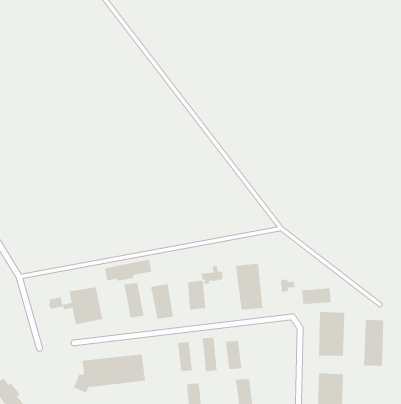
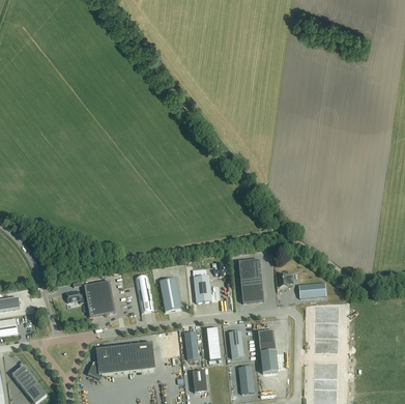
building: [104,259,152,282] -> none
building: [363,319,384,366] -> none
building: none -> [257,329,278,372]

